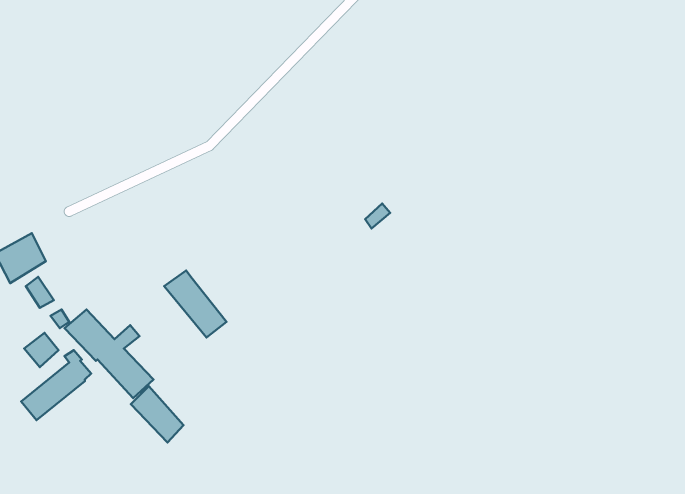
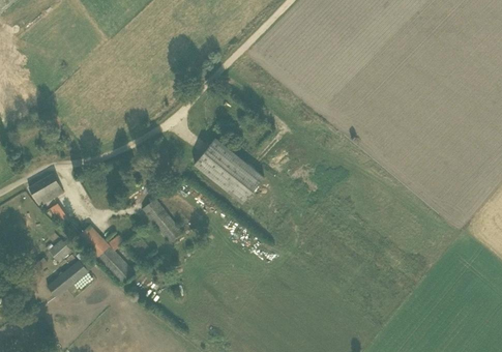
building: none -> [195,138,265,204]
building: [131,386,184,442] -> none

